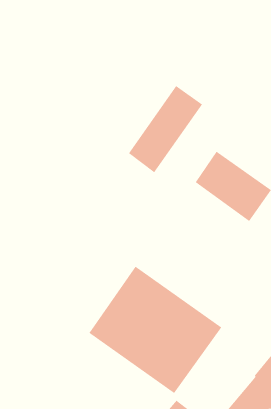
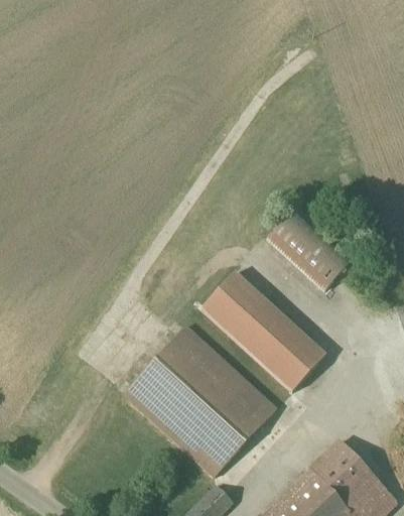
building: [128,85,203,173] -> none
building: none -> [201,272,327,393]

